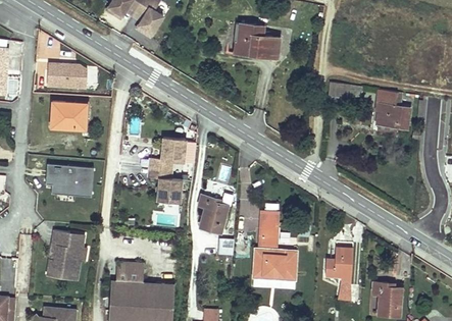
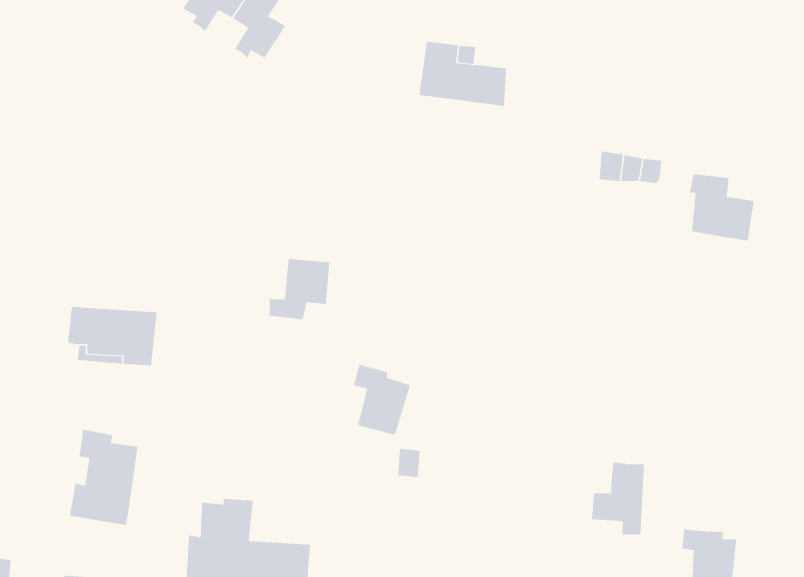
building: [47,63,88,88] -> none
building: [51,102,87,128] -> none
building: [152,169,182,203] -> none
building: [254,212,297,277] -> none

